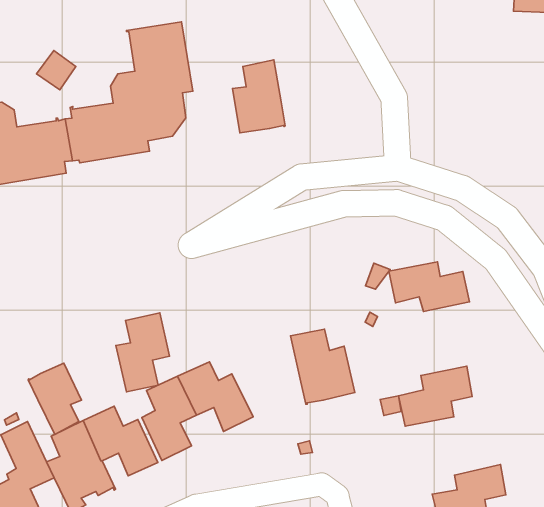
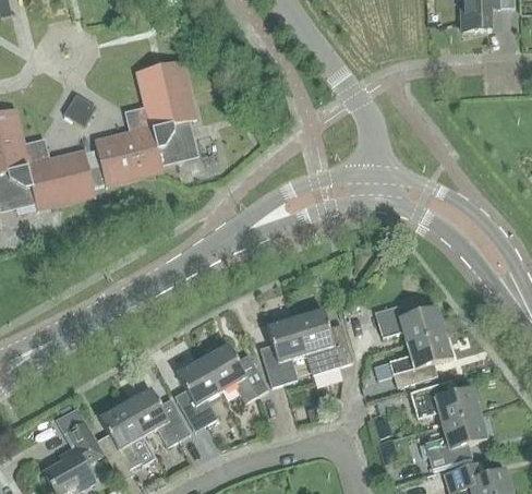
building: [233,60,285,133] -> none
building: [389,262,469,311] -> [375,300,445,342]
building: [116,313,169,392] -> [259,317,305,386]
building: [28,363,82,434] -> none
building: none -> [410,381,480,424]

